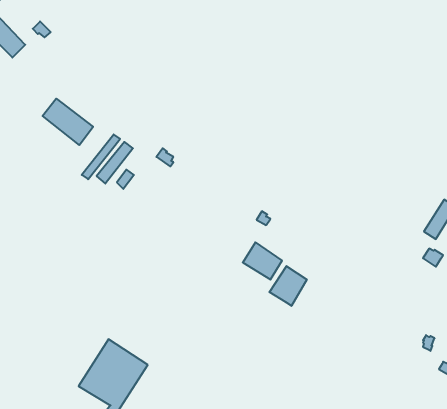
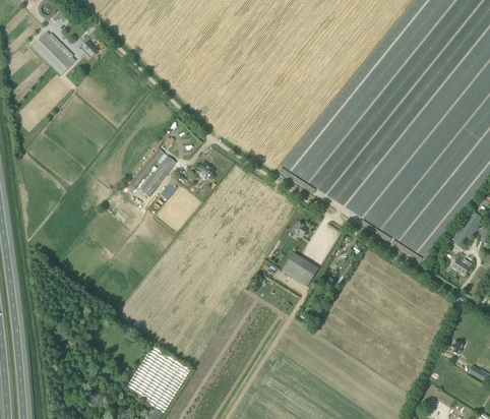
building: [43,99,93,145] -> none
building: [269,266,307,306] -> none

